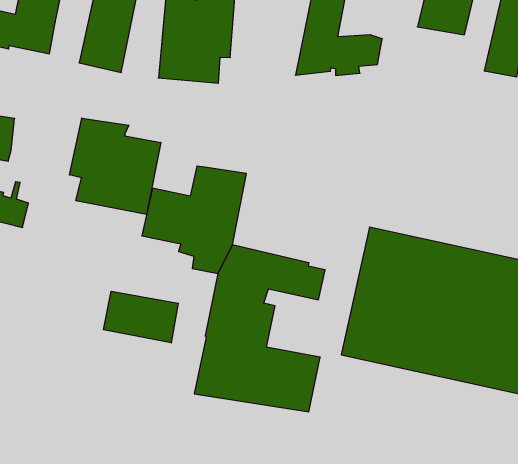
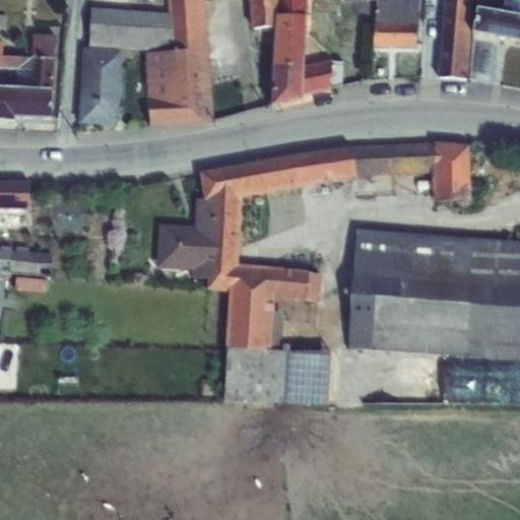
building: [69,118,161,215] -> none
building: none -> [200,141,470,200]
building: [104,291,178,343] -> none

